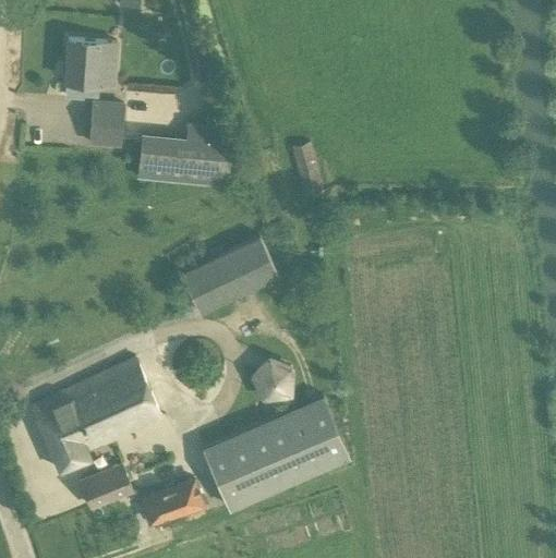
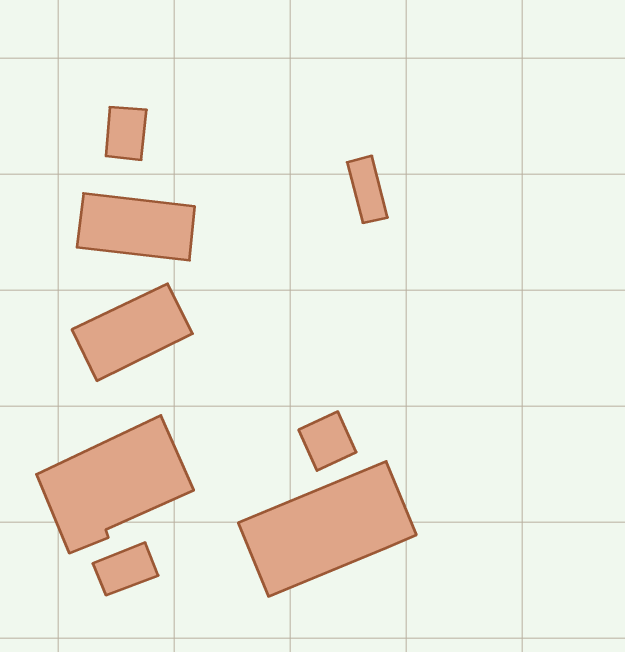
building: [63,39,119,99] -> none
building: [143,131,241,186] -> [77,193,195,260]
building: [179,235,279,316] -> [72,284,193,381]
building: [138,477,205,526] -> none

